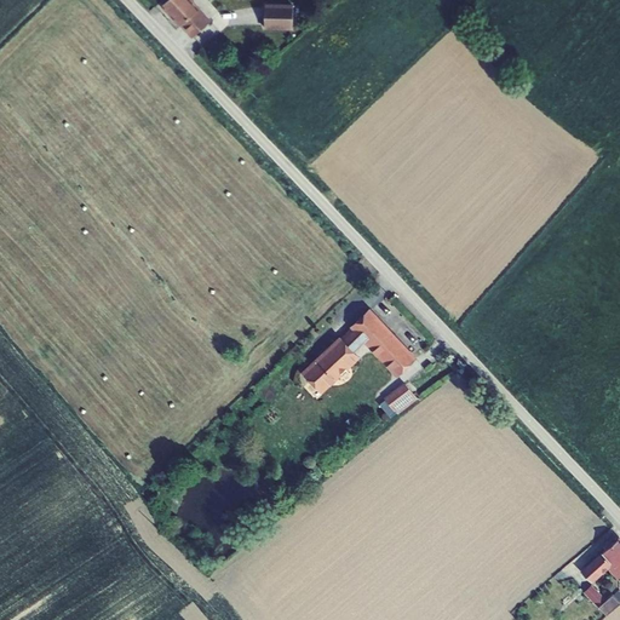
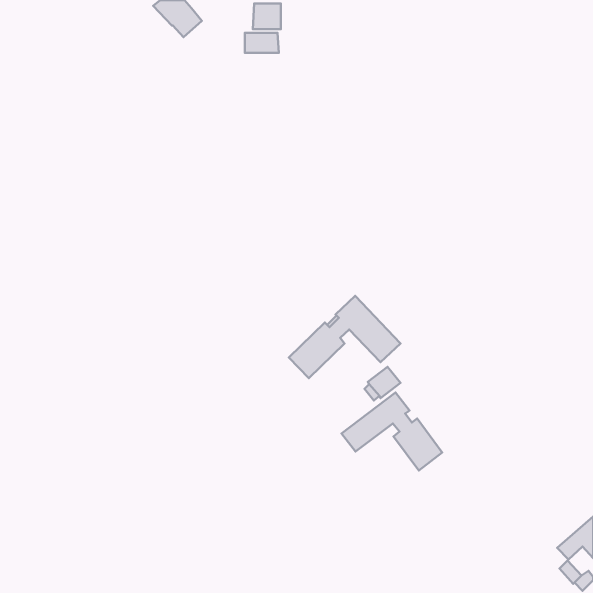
building: none -> [245,33,279,53]
building: none -> [342,392,442,470]

